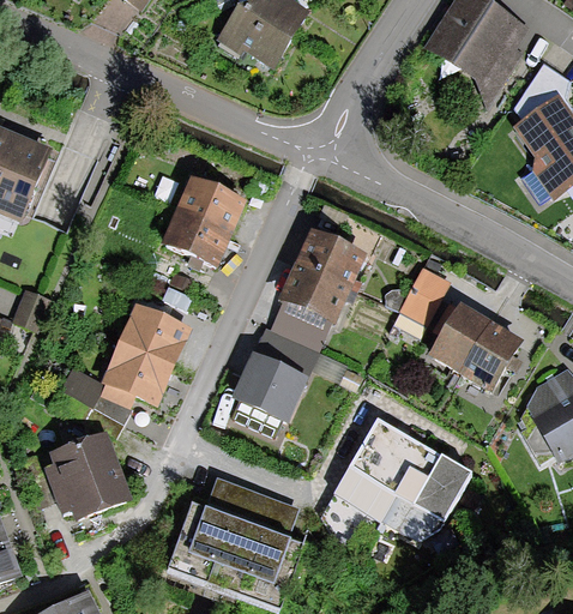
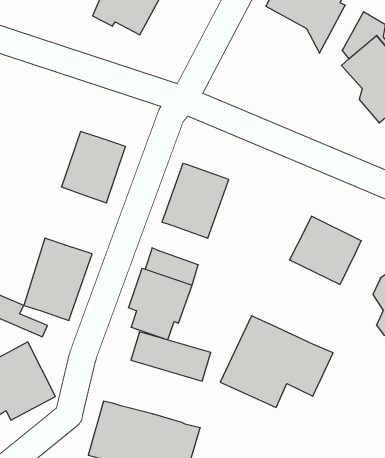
building: [398,266,452,329] -> none
building: [271,299,333,351] -> none
building: [203,476,300,542] -> [131,332,211,381]

